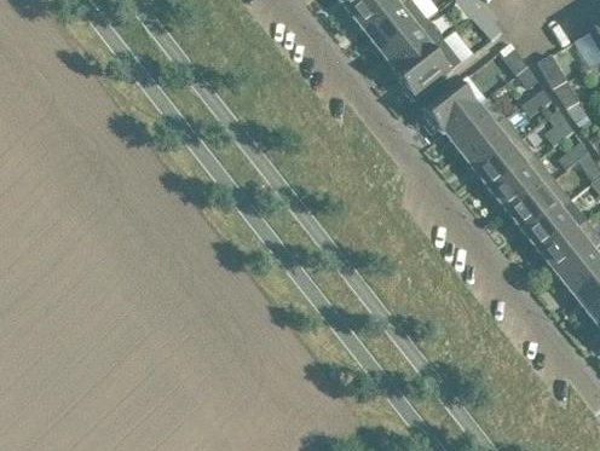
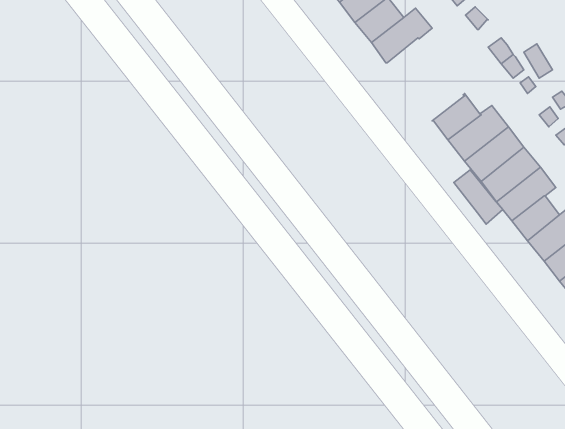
building: [397,42,460,99] -> none
building: [423,83,478,135] -> none
building: none -> [454,170,503,224]

